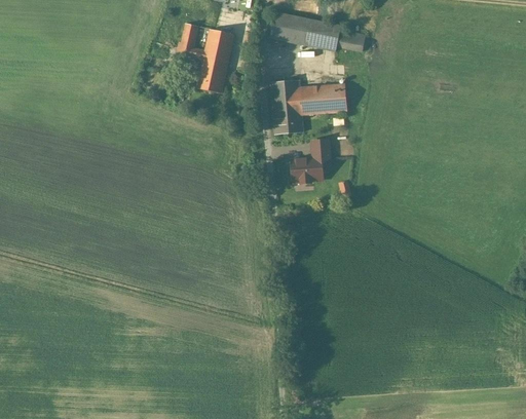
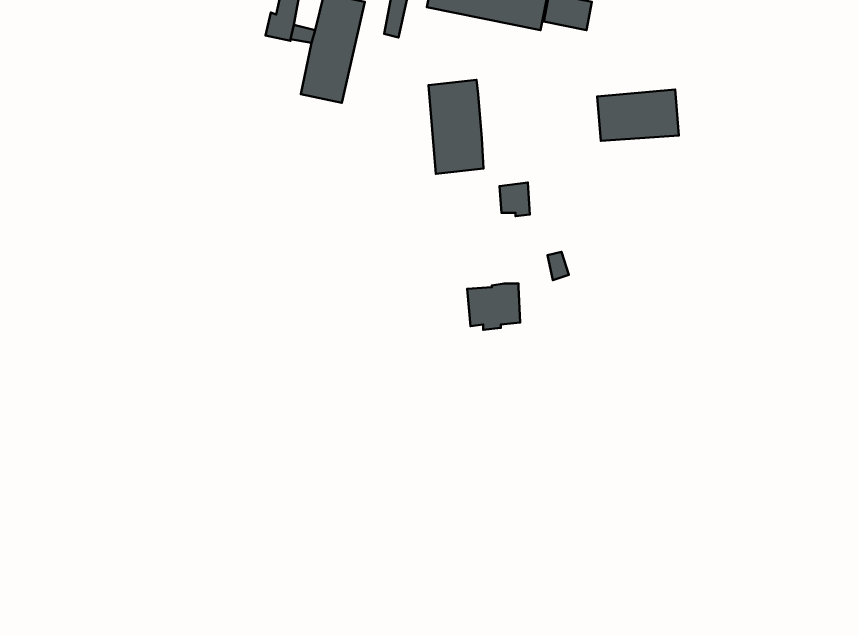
building: [299,83,346,113] -> [597,89,679,141]
building: [291,156,322,183] -> [467,284,520,330]

